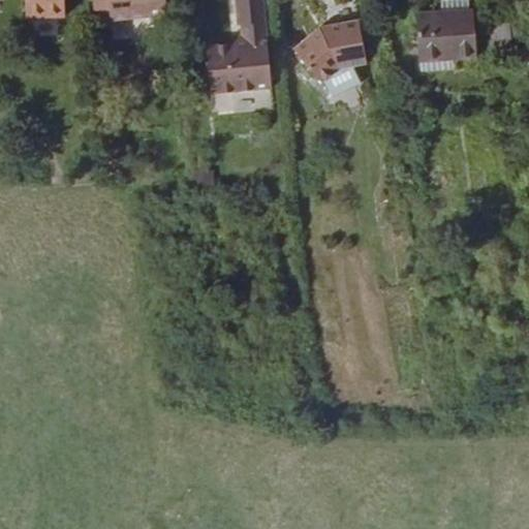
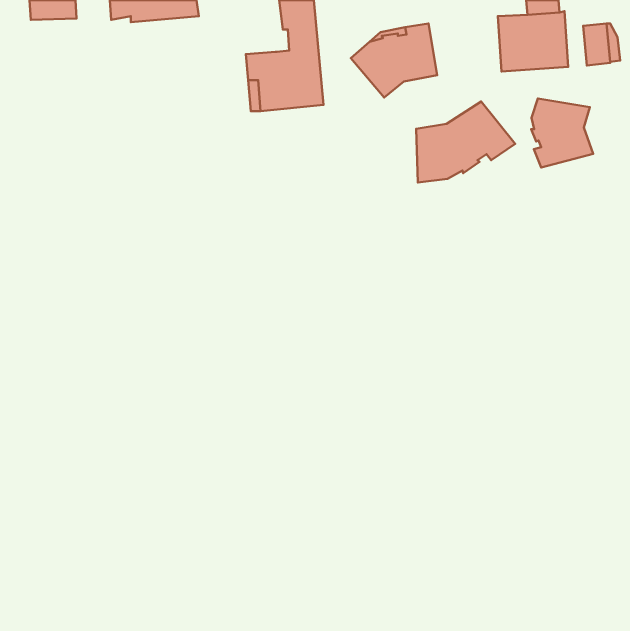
building: none -> [531,99,593,167]
building: none -> [416,102,515,183]

